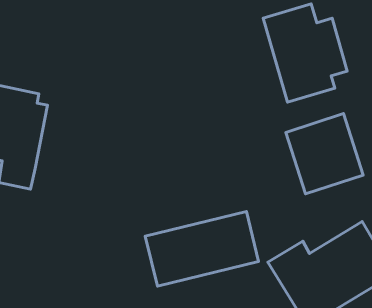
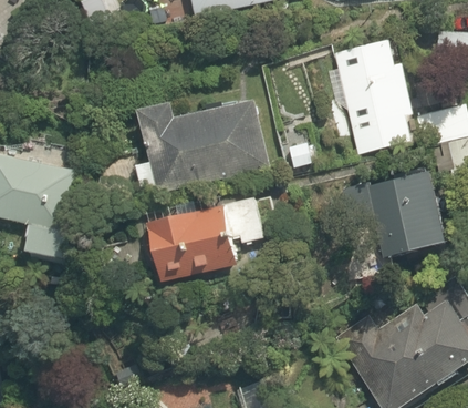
building: none -> [133,100,267,196]
building: [145,212,259,286] -> [141,194,273,282]

